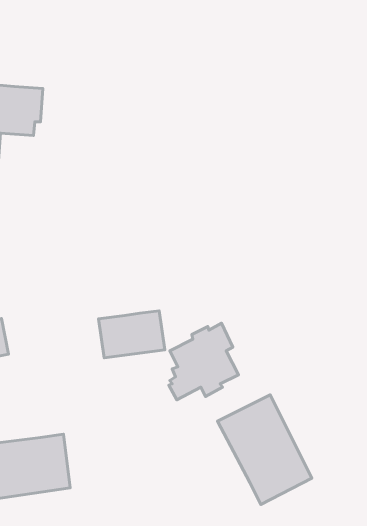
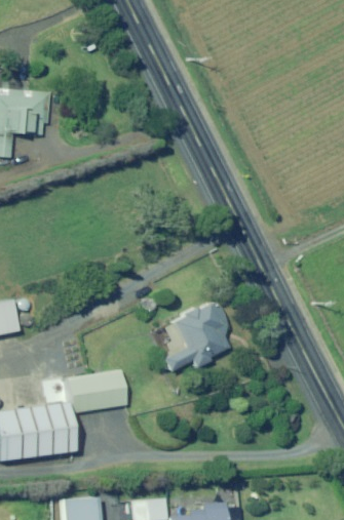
building: [99,311,165,358] -> [69,370,128,412]
building: [218,395,312,505] -> none

